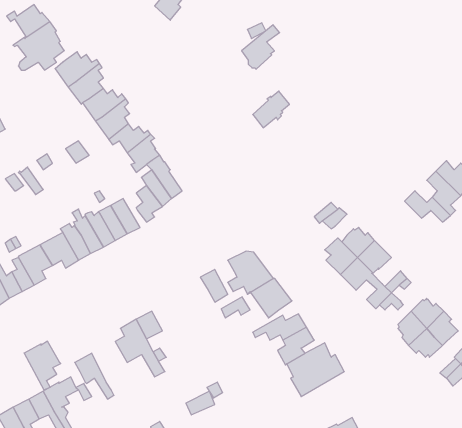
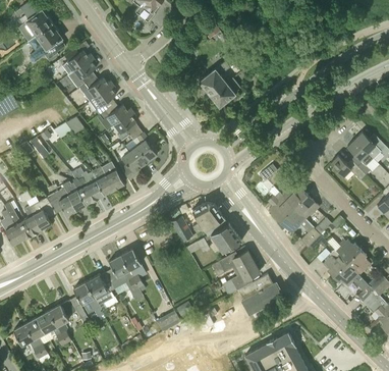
building: [242,25,280,69] -> [201,62,230,97]
building: [24,341,61,390] -> [87,273,115,311]

